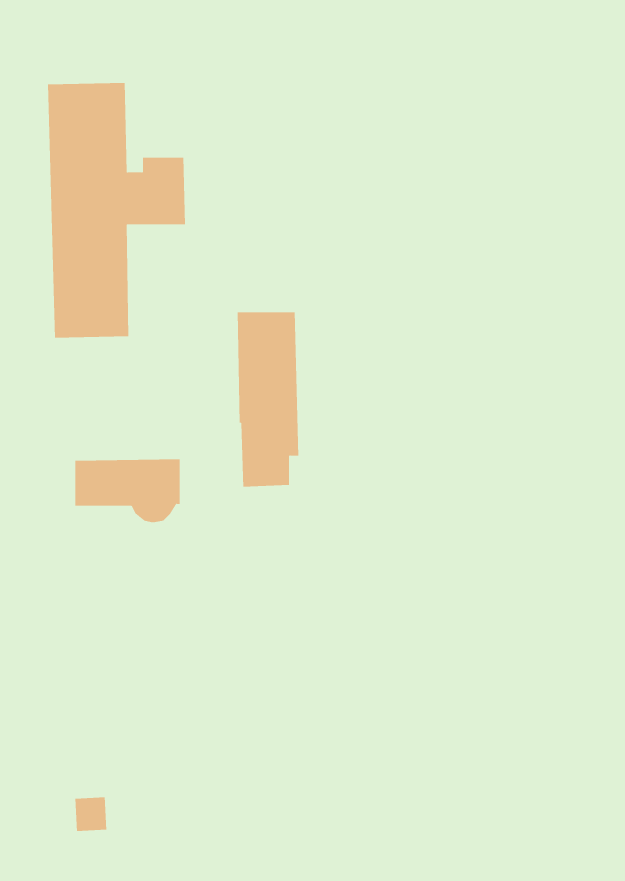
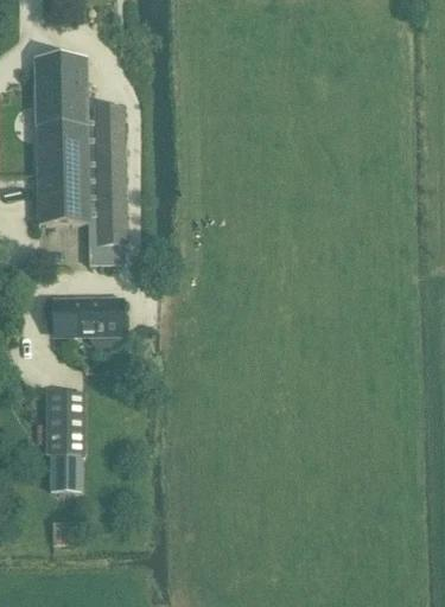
building: [237,312,299,487] -> [88,151,128,264]
building: none -> [46,394,88,491]

